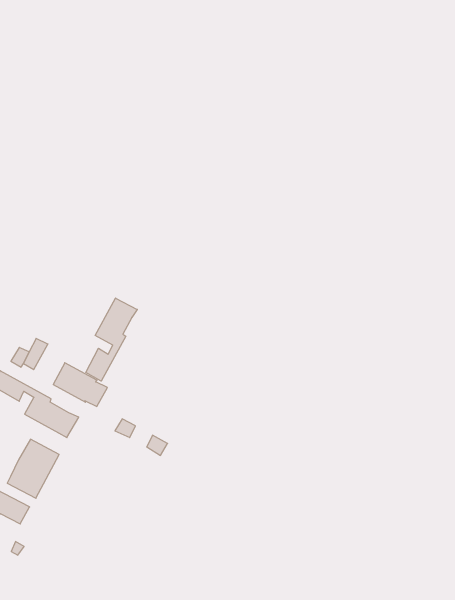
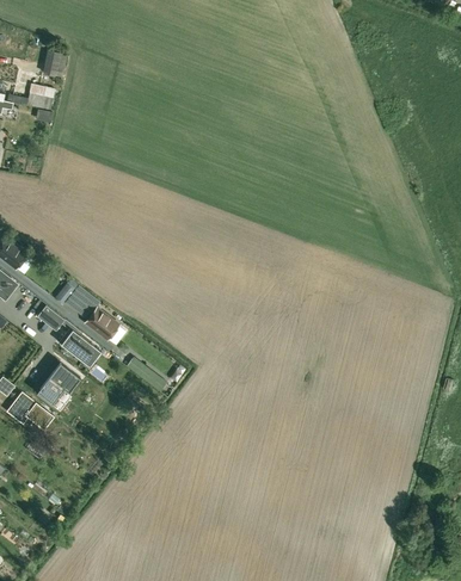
building: [86,298,137,381] -> none

